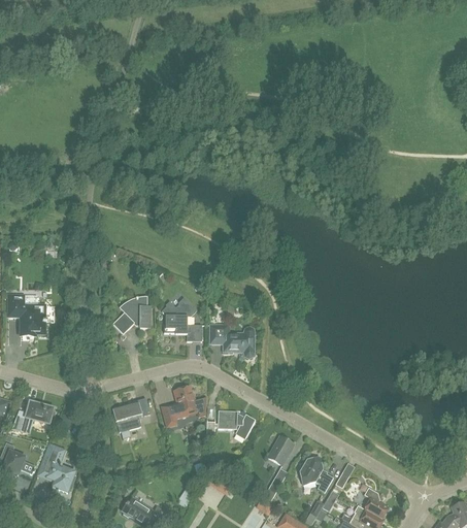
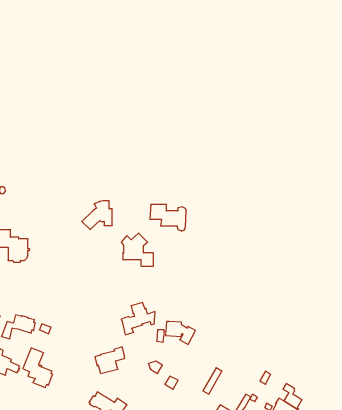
building: [112,297,151,333] -> [82,201,112,230]
building: [209,324,255,357] -> [150,204,186,231]
building: [112,398,149,431] -> [95,347,125,373]
building: [267,435,294,465] -> none
building: [299,456,333,492] -> none

